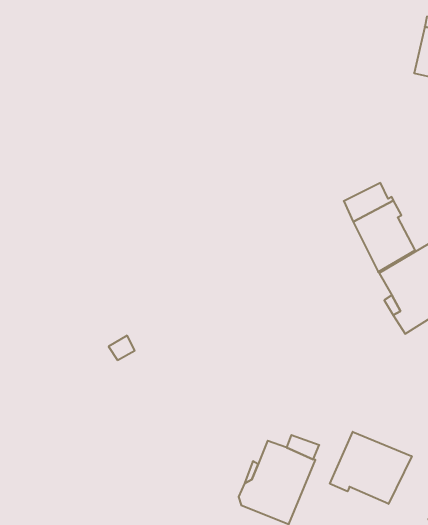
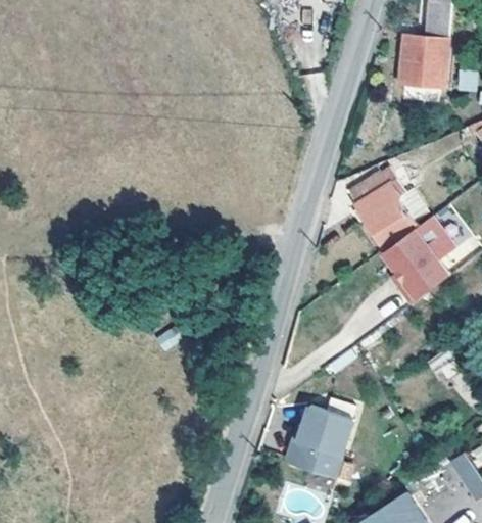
building: [330,432,412,504] -> none

